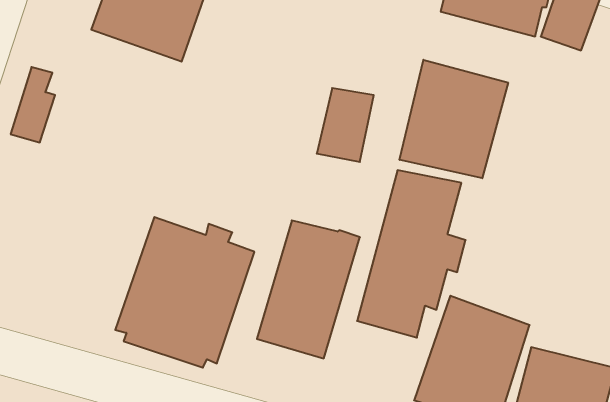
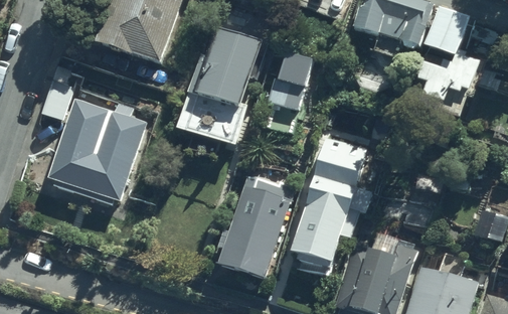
building: none -> [178,24,260,156]
building: [400,60,508,178] -> none
building: [115,217,254,368] -> [47,98,148,206]

